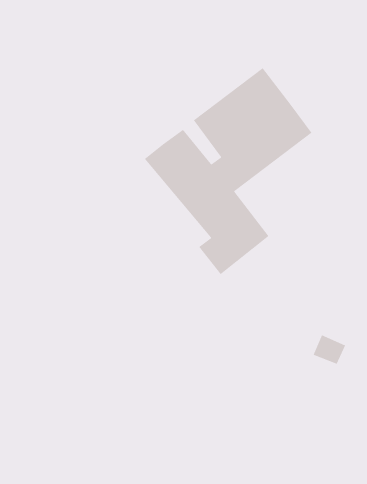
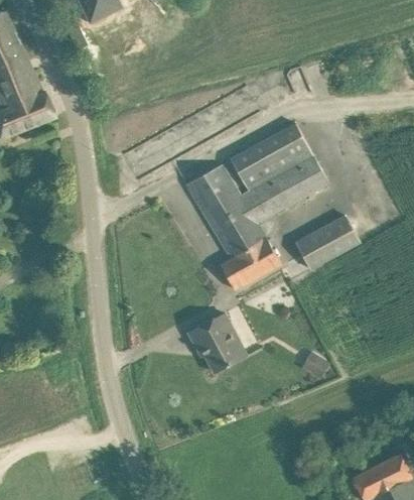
building: none -> [295,214,362,269]
building: none -> [188,314,247,373]

